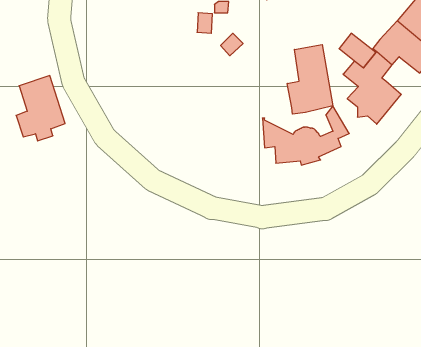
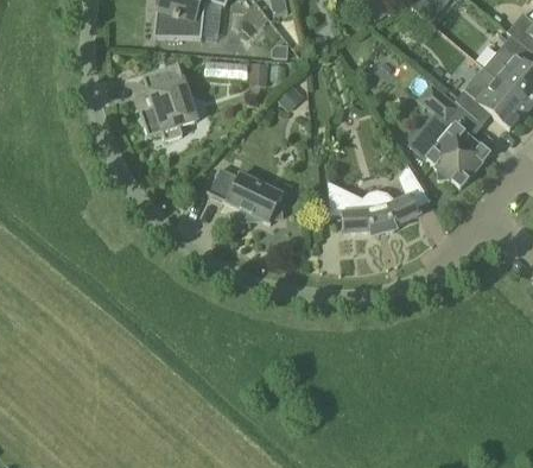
building: [287,45,333,114] -> none
building: [16,76,65,141] -> [140,64,197,140]
building: none -> [209,167,283,222]

